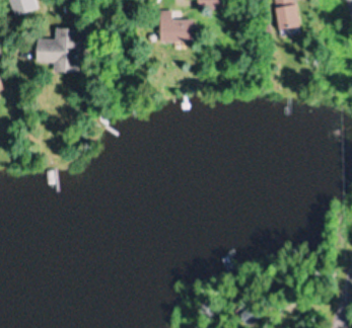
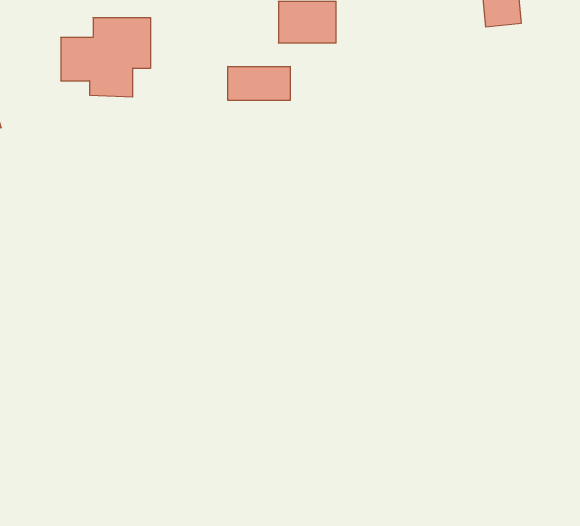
building: none -> [228,66,290,100]

